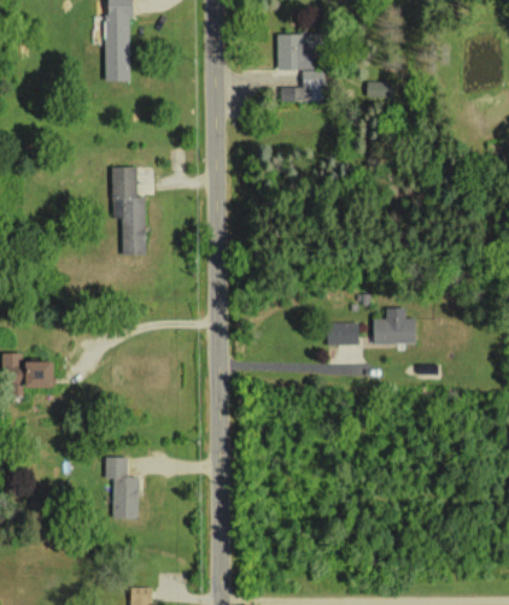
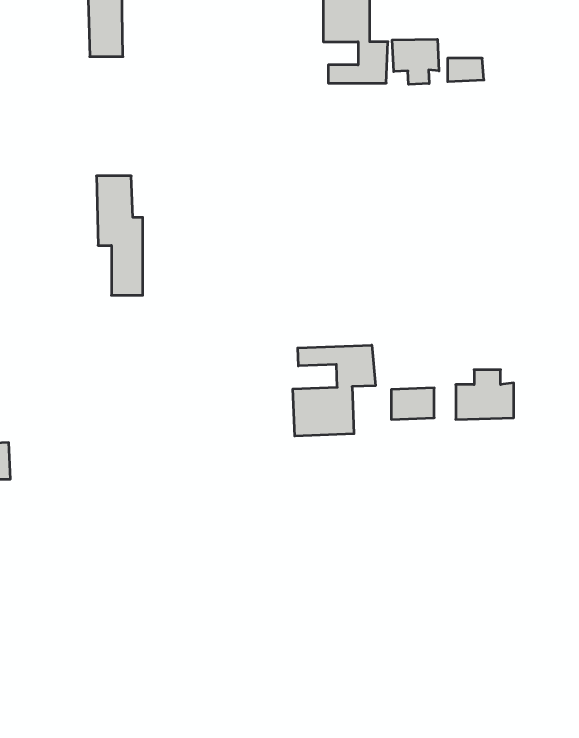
building: none -> [392,39,439,84]
building: none -> [293,345,375,436]
building: [106,458,140,518] -> none

